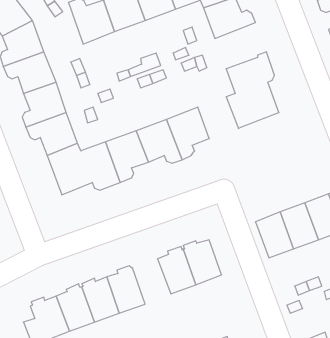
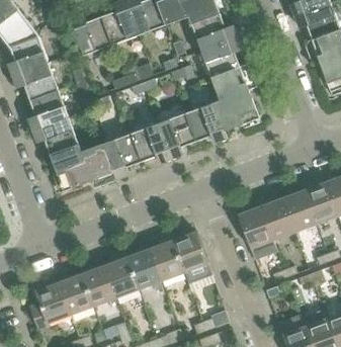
building: none -> [201,36,241,78]
building: none -> [186,103,228,143]
building: none -> [127,249,162,289]

